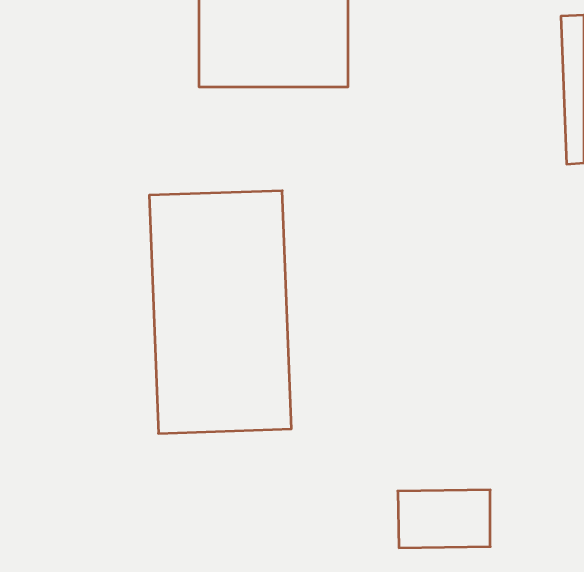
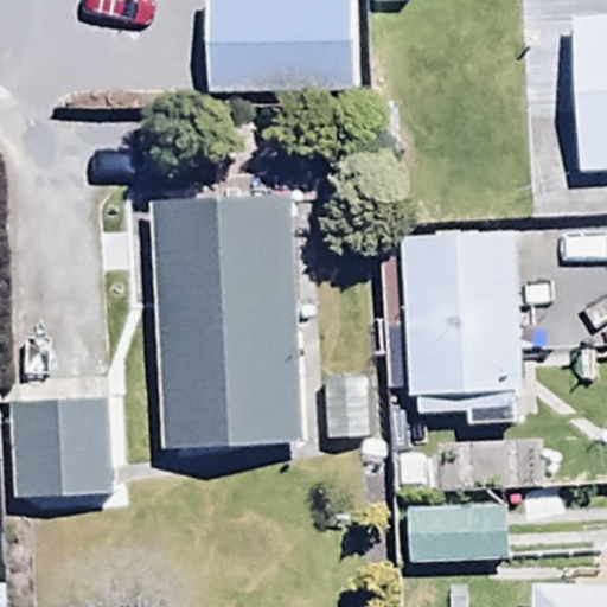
building: none -> [402,234,525,426]
building: none -> [9,400,110,493]

